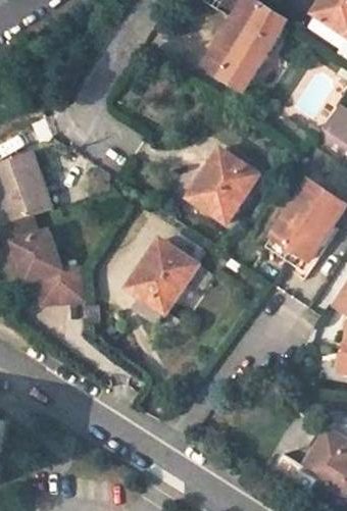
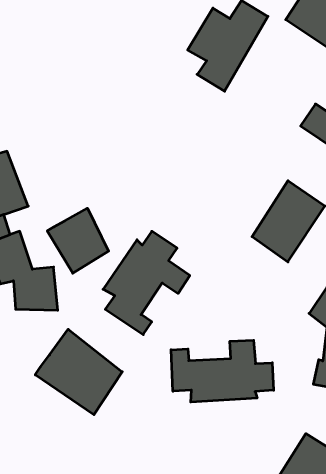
building: [190,146,264,220] -> none
building: none -> [47,208,109,273]
building: none -> [35,329,122,415]
building: none -> [171,340,274,402]

